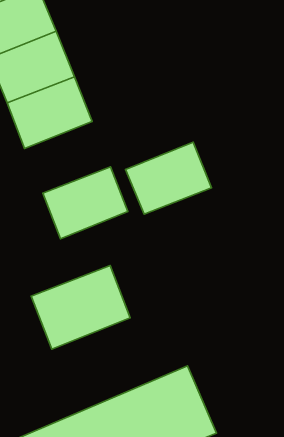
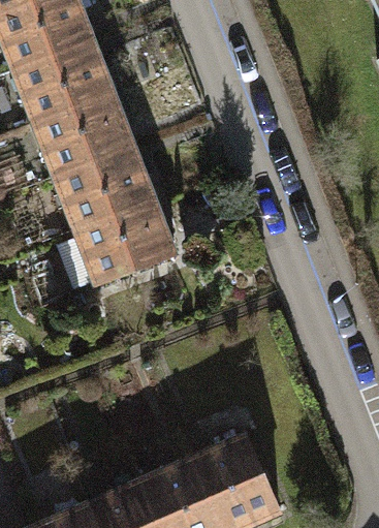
building: [126,142,211,214] -> [53,145,154,229]
building: [31,265,130,349] -> none

